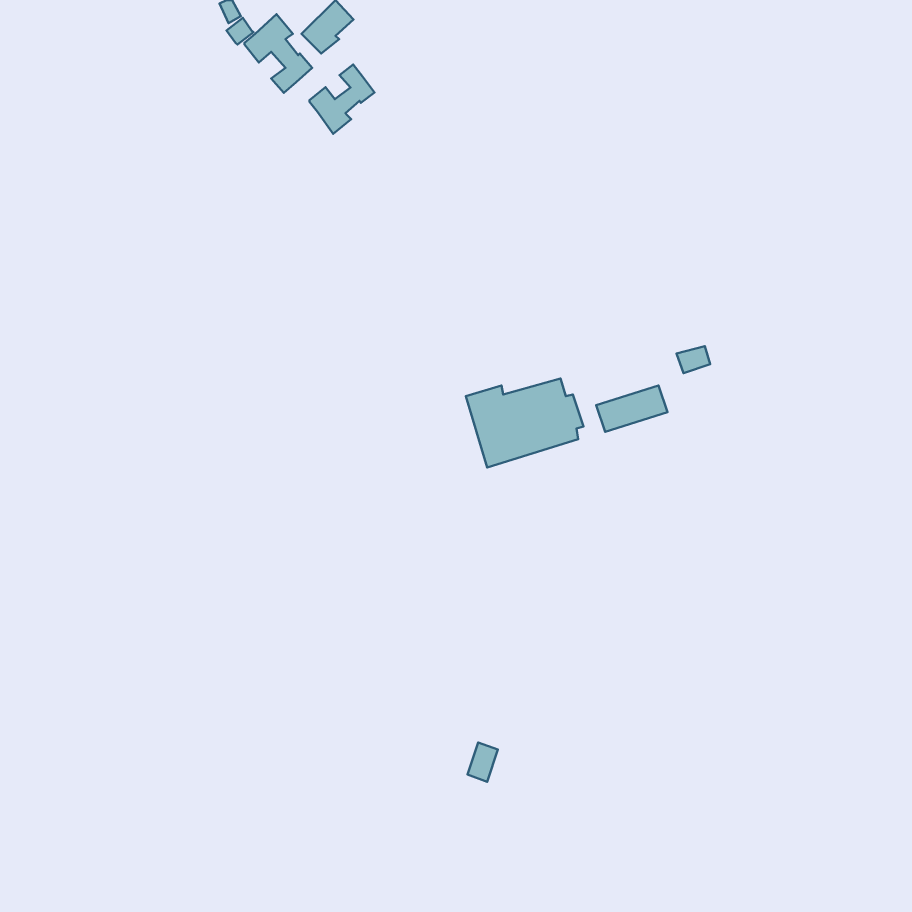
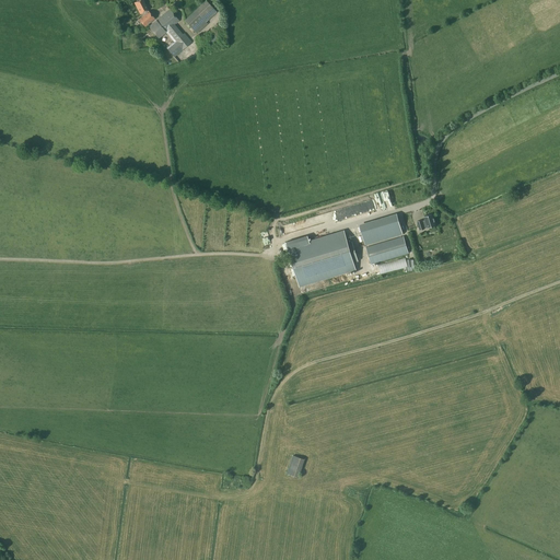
building: [309,65,375,134] -> none
building: none -> [359,215,402,245]

